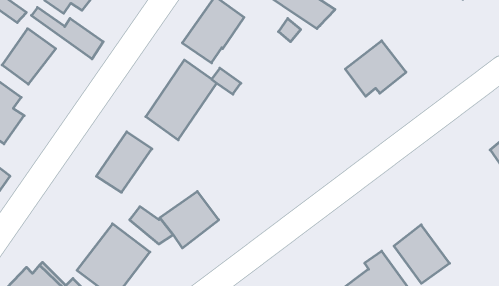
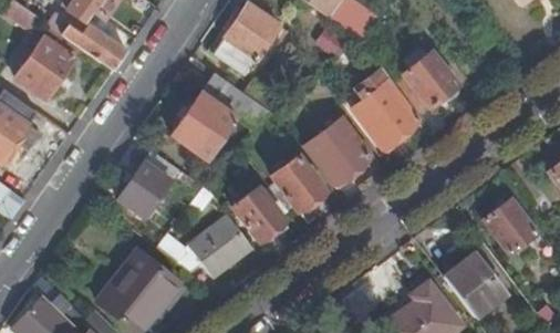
building: none -> [352,82,417,147]
building: none -> [304,118,370,184]
building: none -> [272,156,324,210]
building: none -> [232,186,284,240]
building: none -> [484,199,535,252]

